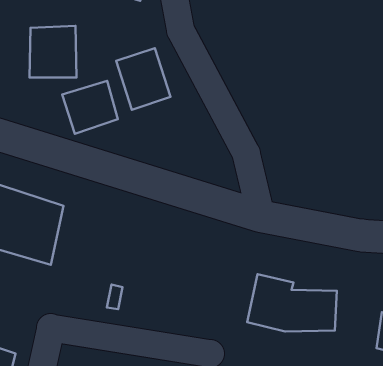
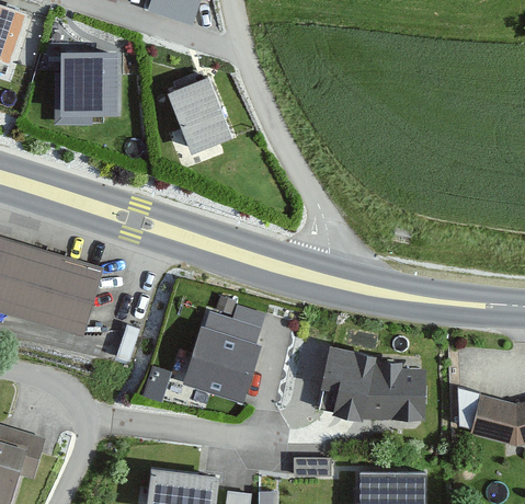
building: [62,81,118,134] -> none
building: none -> [185,309,260,400]

